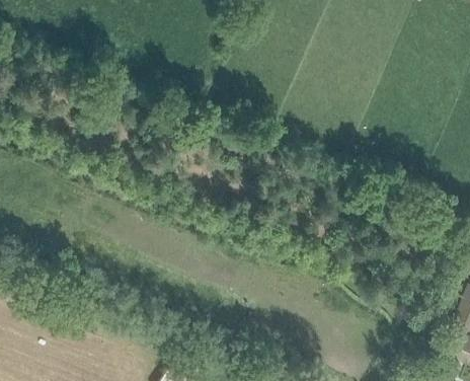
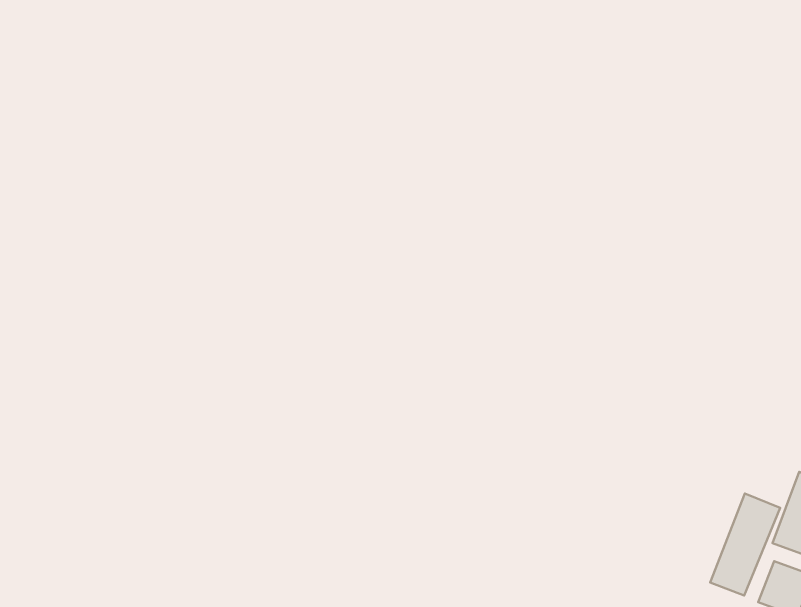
building: none -> [710,494,780,595]

